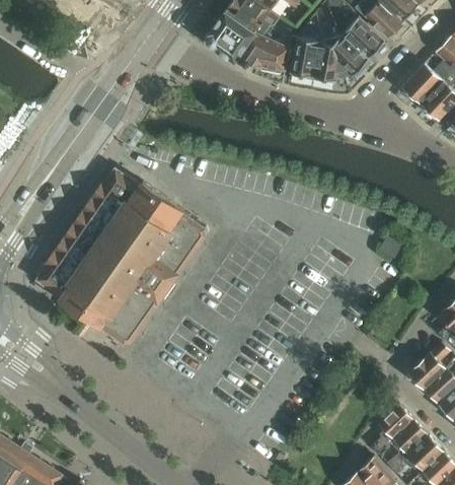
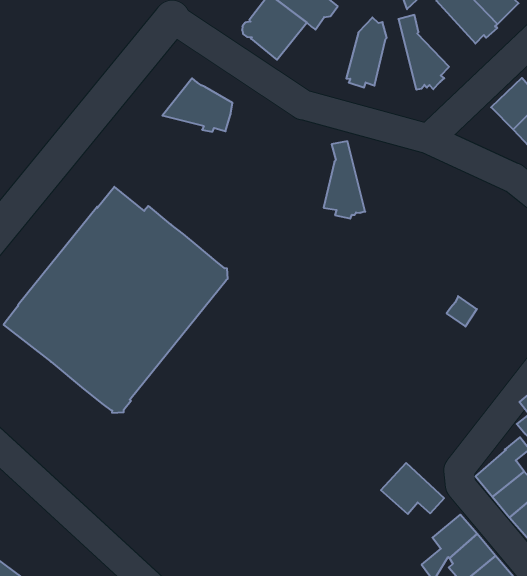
building: [343,16,386,59] -> none
building: [312,24,345,84] -> [324,141,365,219]
building: [235,31,289,72] -> [162,78,233,132]
building: none -> [381,463,444,514]

